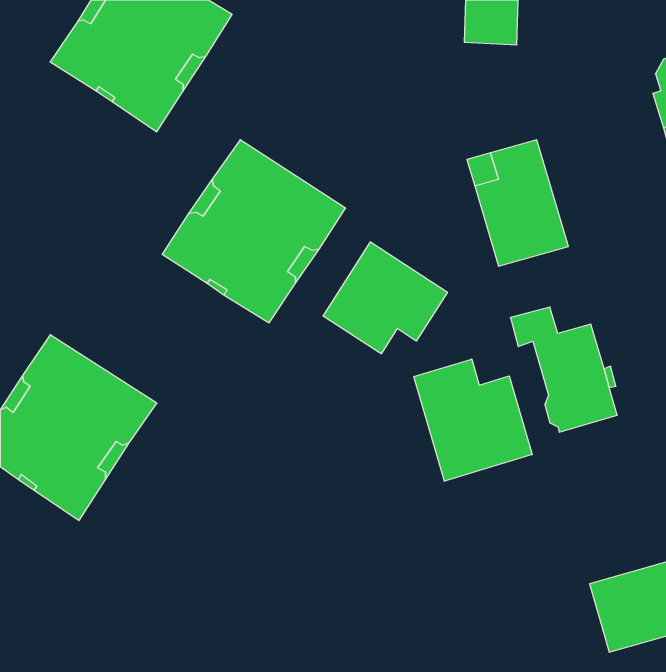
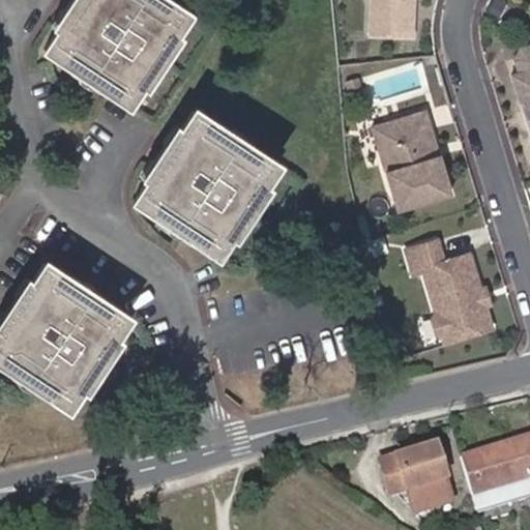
building: [323,242,447,354] -> none
building: [414,359,532,481] -> none
building: none -> [388,445,457,511]

